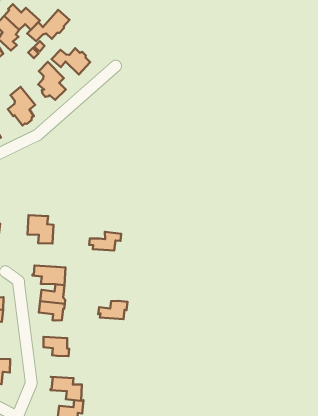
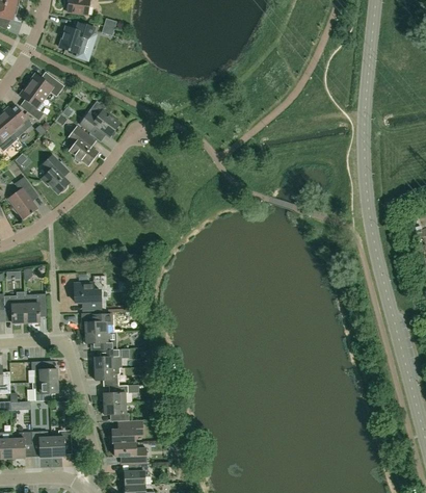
building: [27,10,69,41] -> none
building: [89,232,121,251] -> [81,314,112,333]
building: [98,301,127,319] -> [100,385,128,404]
building: none -> [113,420,143,443]

